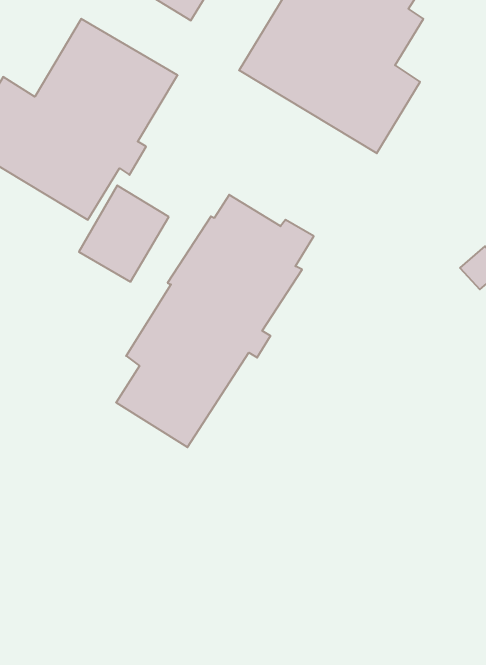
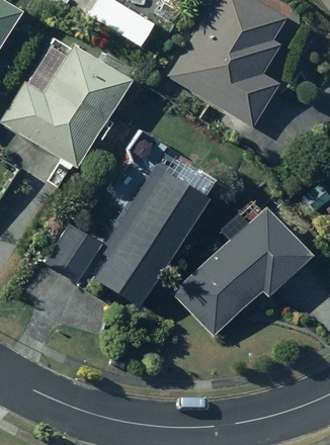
building: [79,185,169,282] -> [48,225,102,283]
building: none -> [173,206,312,337]

